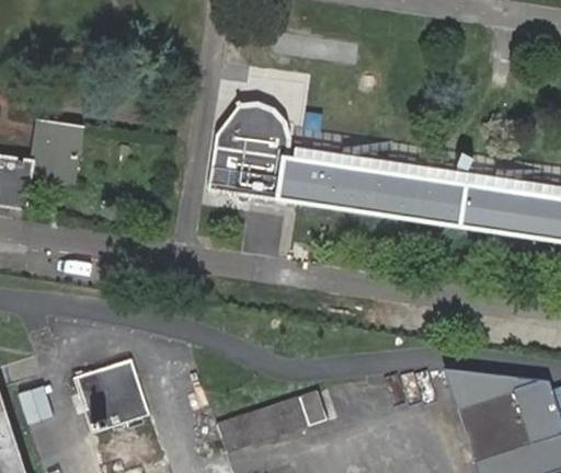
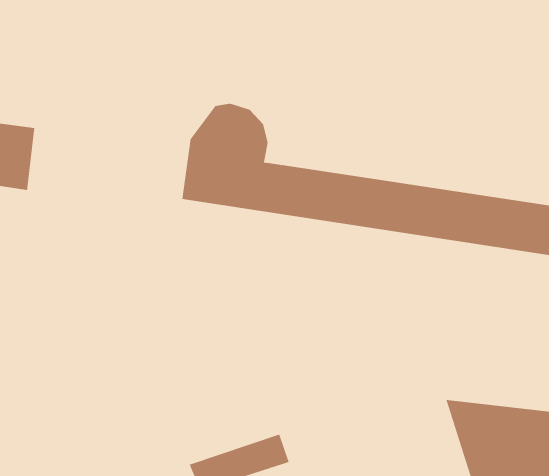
building: [76,359,149,431] -> none

